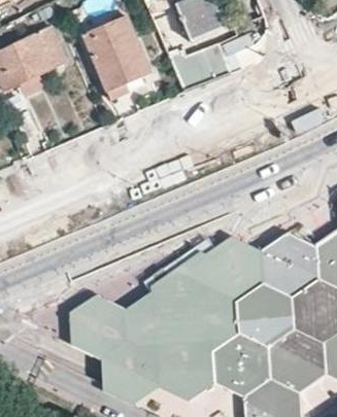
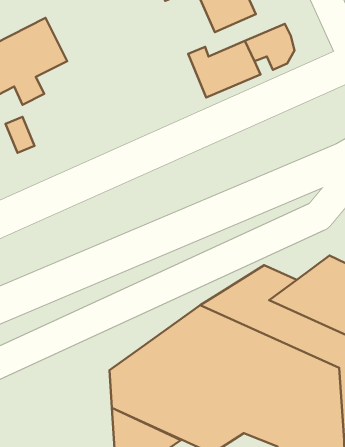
building: [85,18,151,101] -> none
building: [69,296,127,358] -> none

